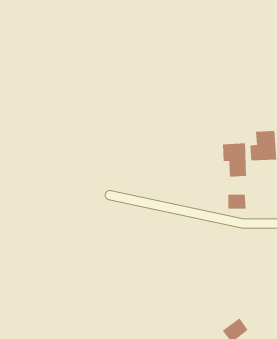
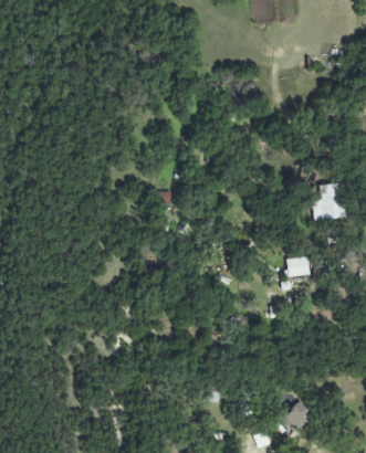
building: [223,142,247,177] -> none

